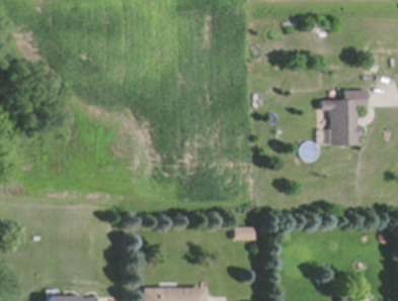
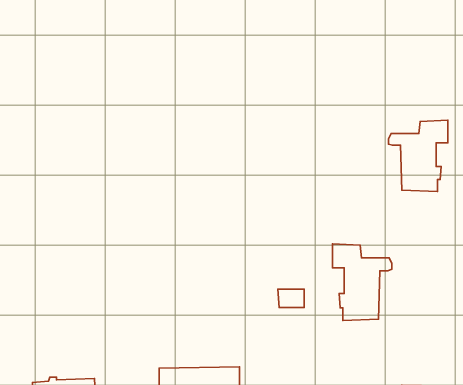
building: none -> [332,244,392,320]

